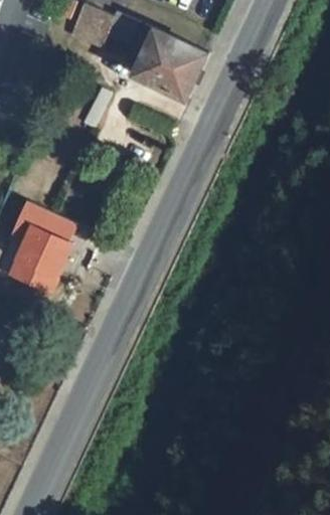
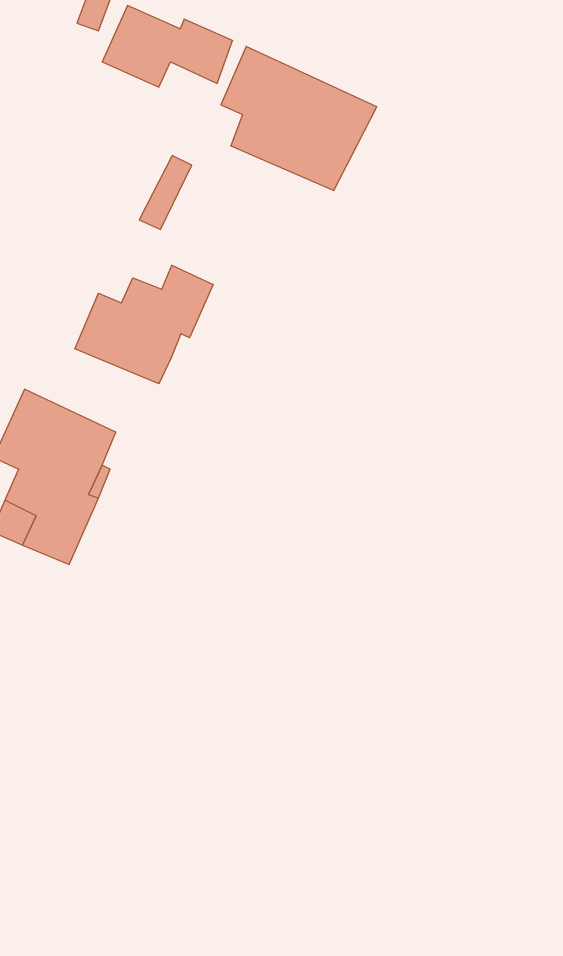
building: none -> [75,265,213,384]

